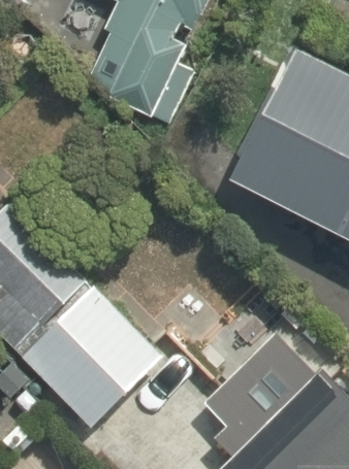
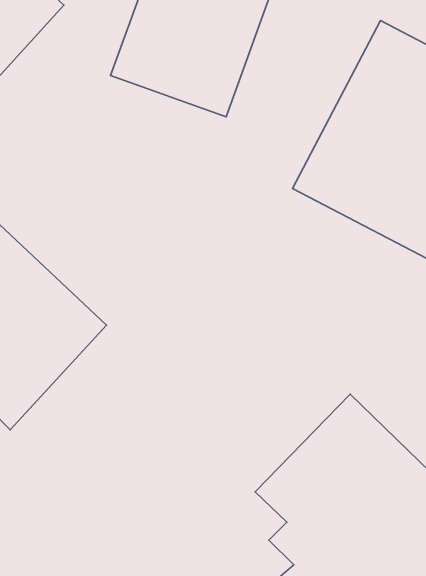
building: [15,288,158,431] -> none

